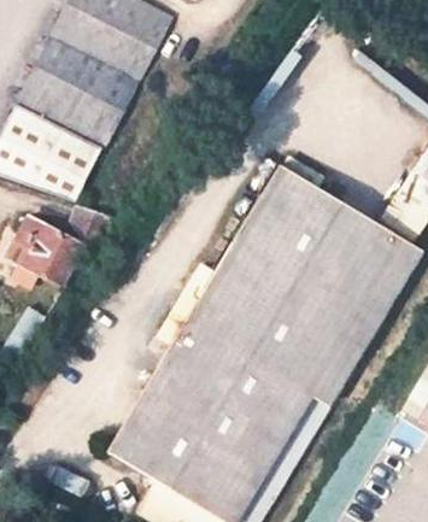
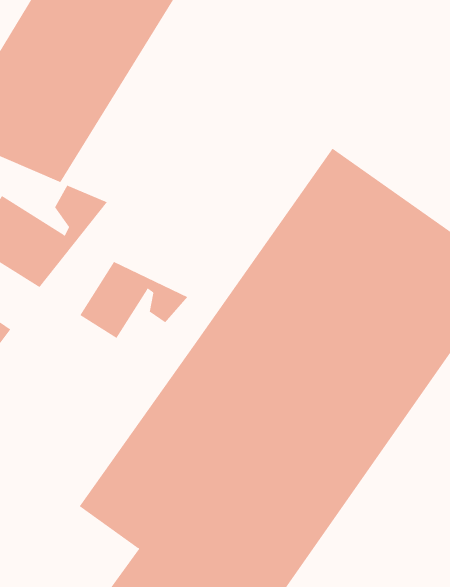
building: none -> [80,261,188,339]

